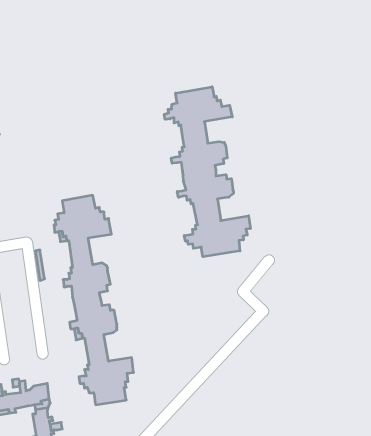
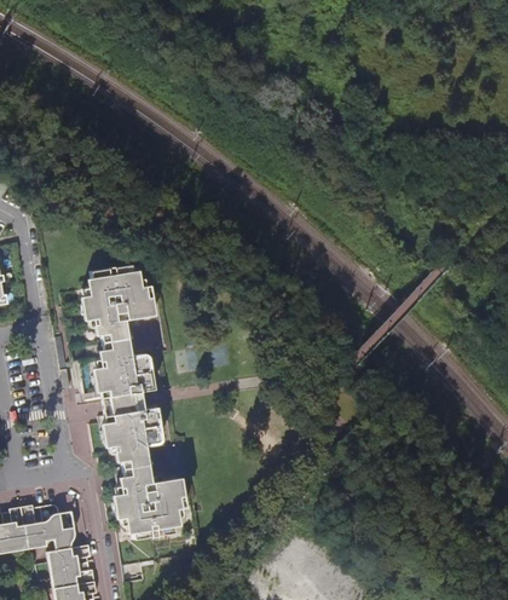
building: [164,87,250,257] -> none

